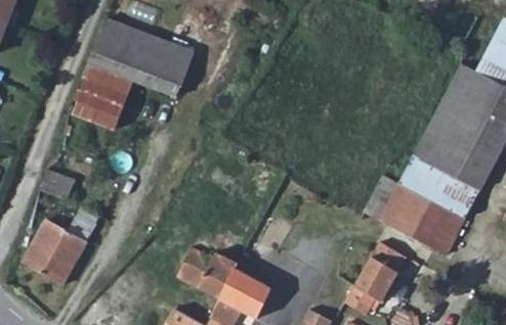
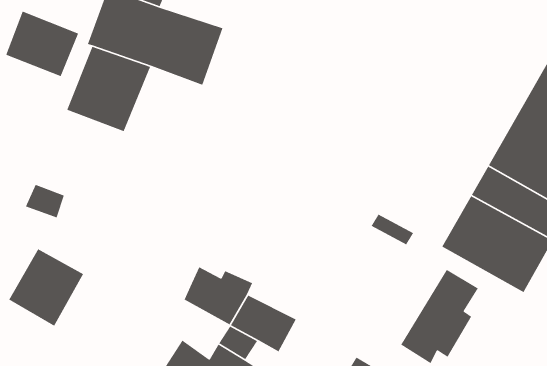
building: none -> [5,11,79,77]

